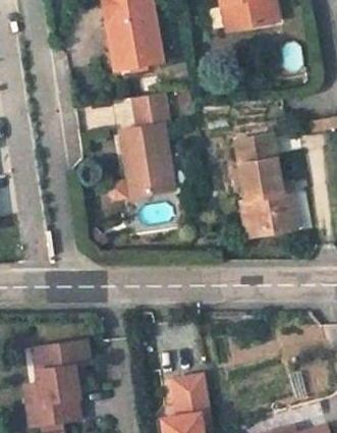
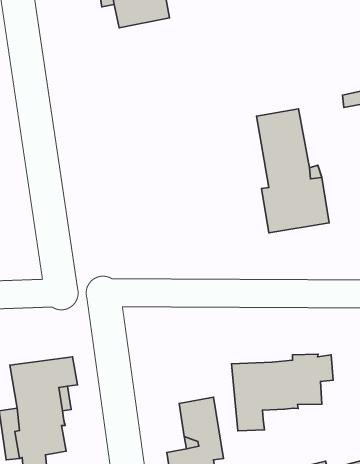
building: [107,94,174,200] -> none
building: none -> [231,354,333,431]

